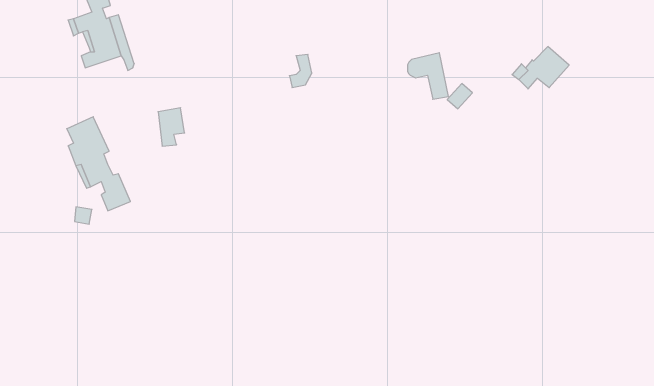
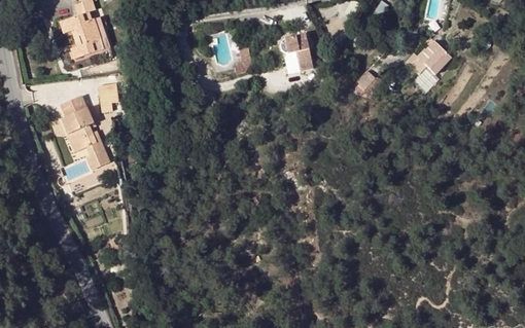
building: [408,53,449,99] -> [280,35,312,71]
building: [158,108,185,146] -> [98,83,118,113]

